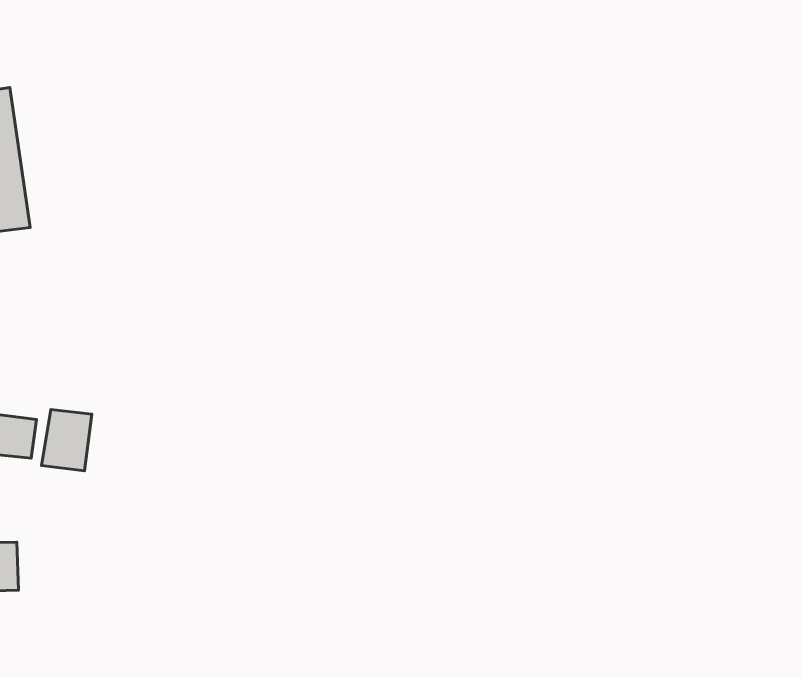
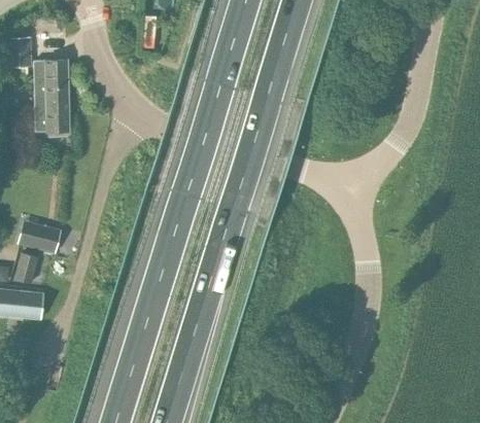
building: [42,409,92,471] -> none

